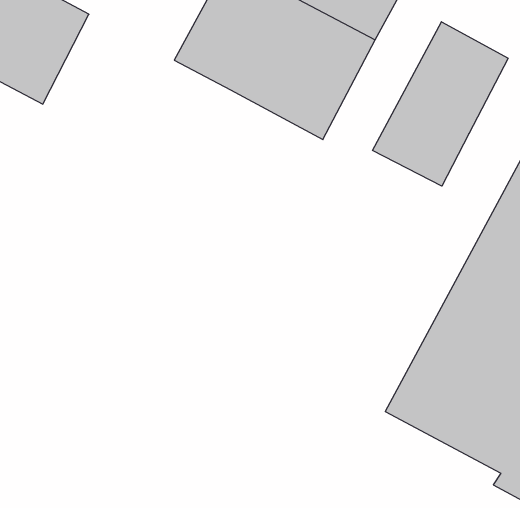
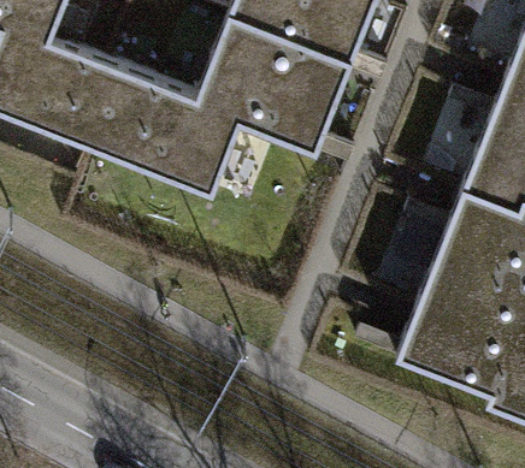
building: none -> [98,71,243,191]
building: [373,22,508,186] -> none

